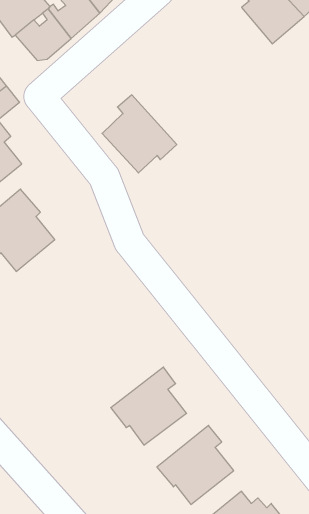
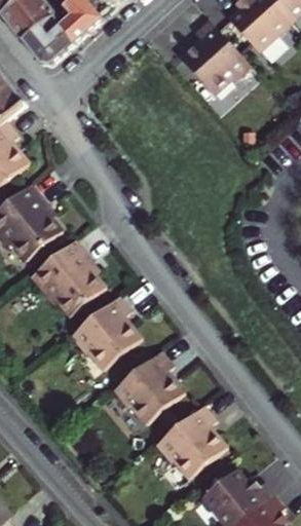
building: [102,95,177,173] -> [181,21,251,93]
building: none -> [30,238,105,314]
building: none -> [69,295,141,369]

